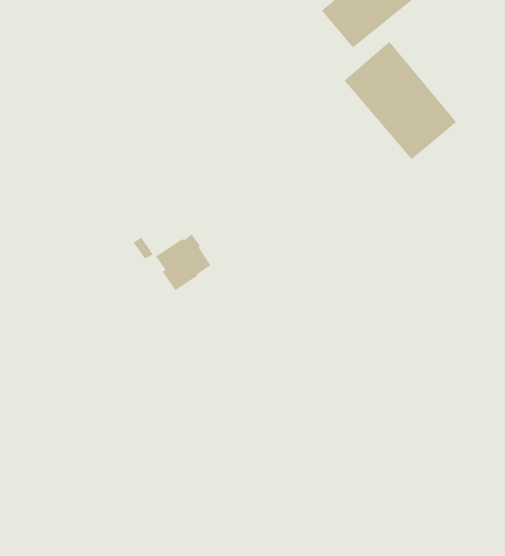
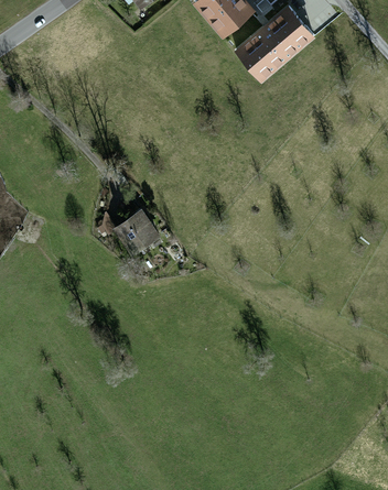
building: [343,41,457,160] -> none

